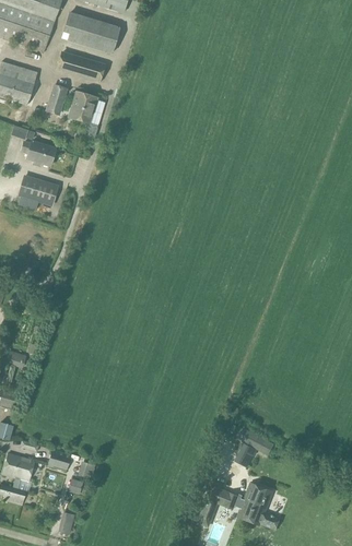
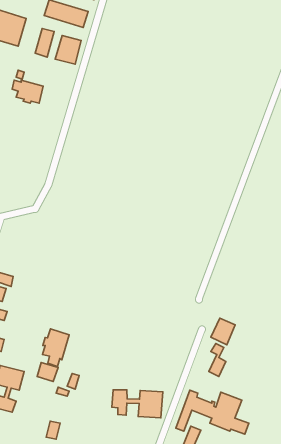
building: [20,175,57,203] -> none
building: none -> [211,318,235,345]
building: none -> [42,329,69,367]
building: none -> [112,390,163,418]

